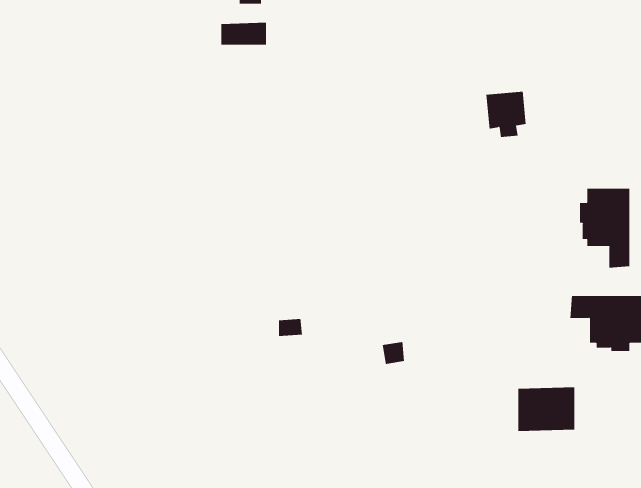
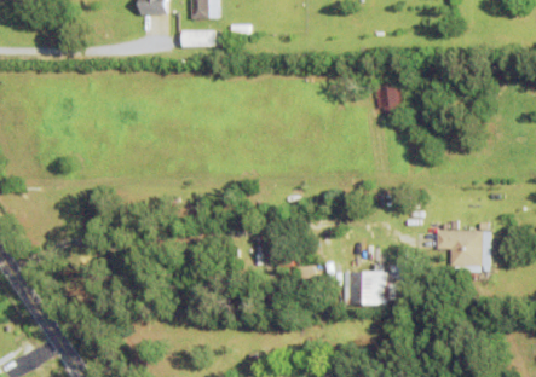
building: [579,188,630,268] -> none
building: [518,387,575,431] -> [344,271,386,303]

